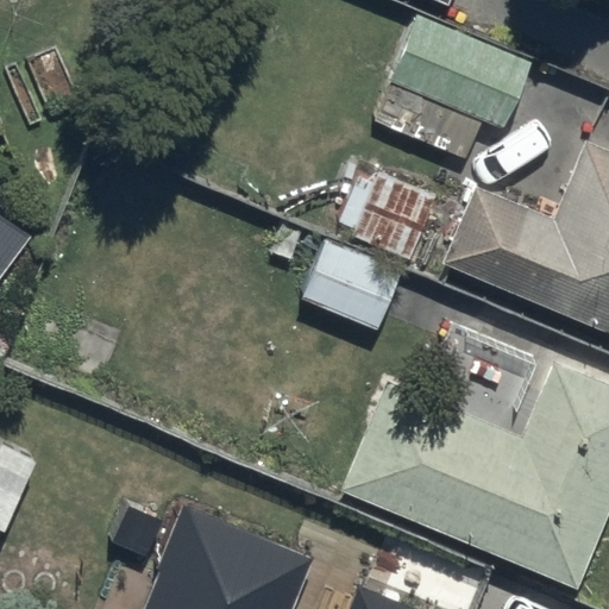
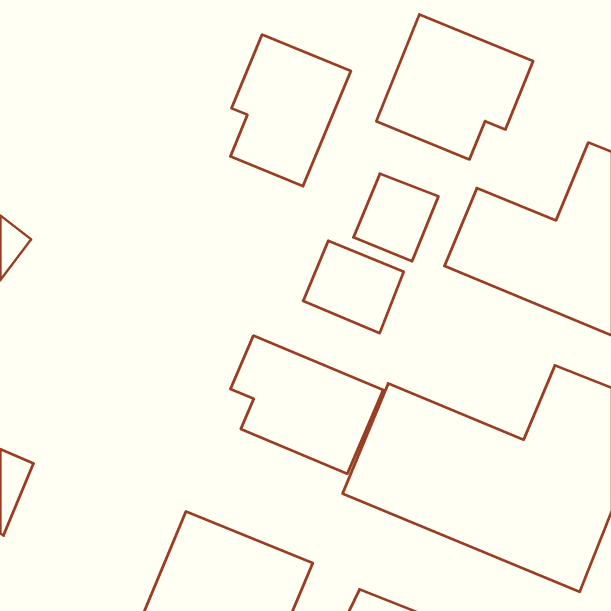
building: none -> [230,35,351,186]
building: none -> [230,336,383,474]

